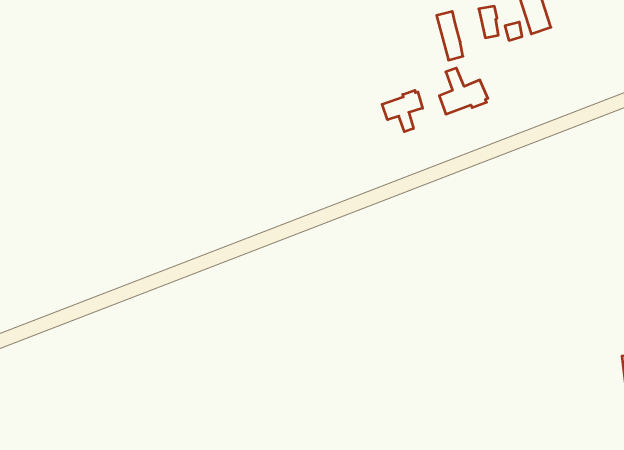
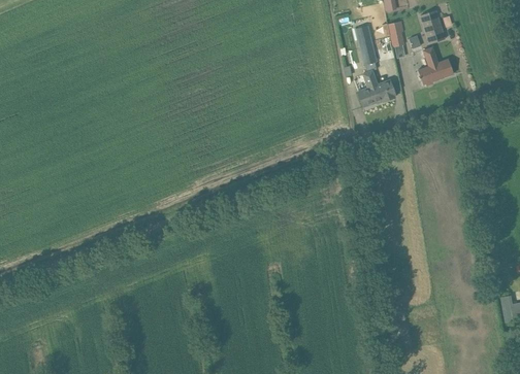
building: none -> [417,46,453,84]
building: [382,90,423,132] -> none

